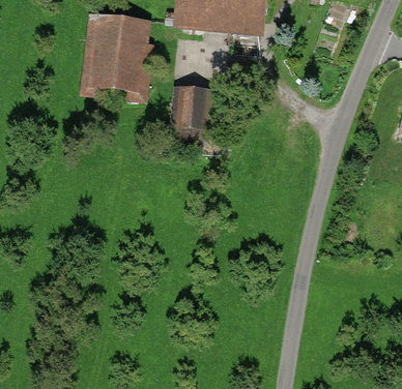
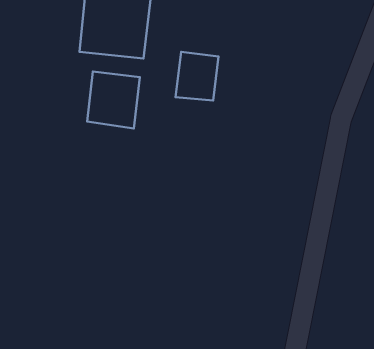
building: none -> [87,72,140,128]

